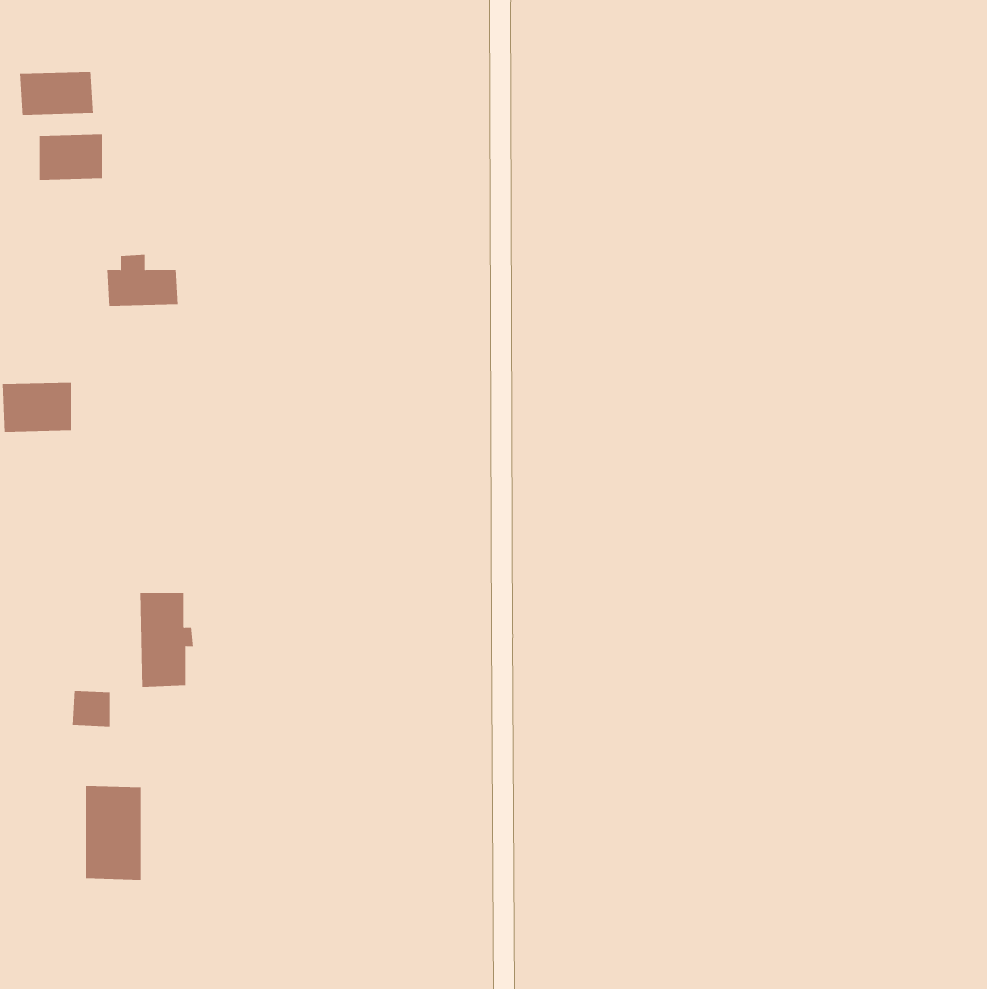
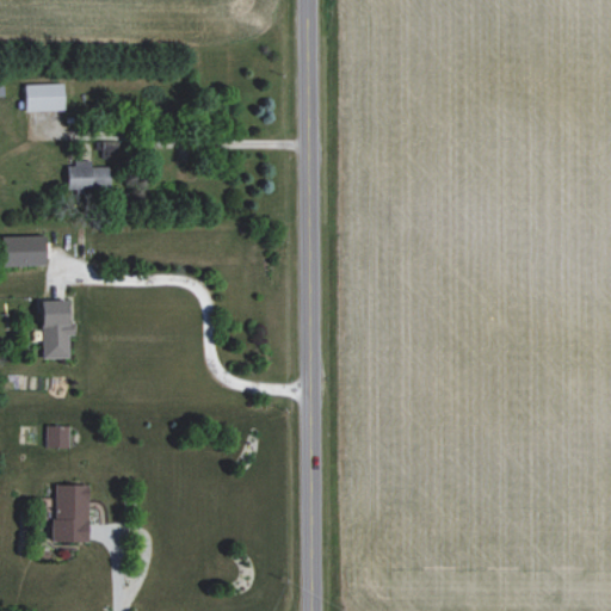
building: [19,71,93,116] -> none
building: [140,592,194,687] -> [42,301,75,359]

